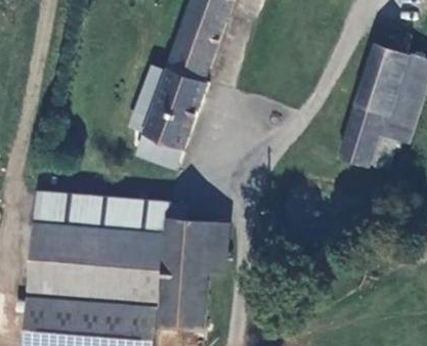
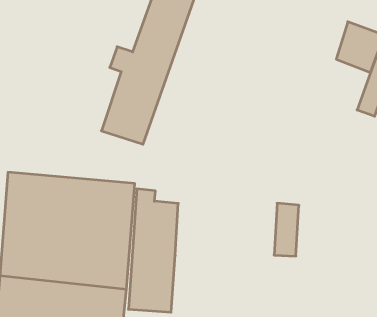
building: [337,82,397,169] -> none
building: [205,224,229,276] -> [274,203,299,256]

